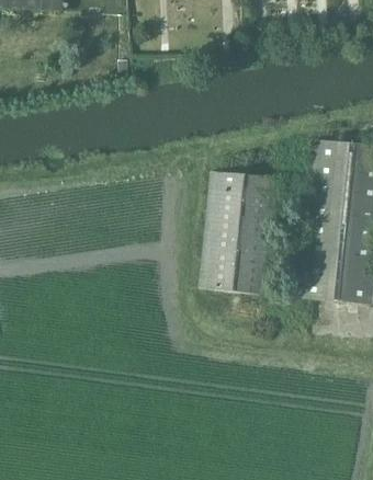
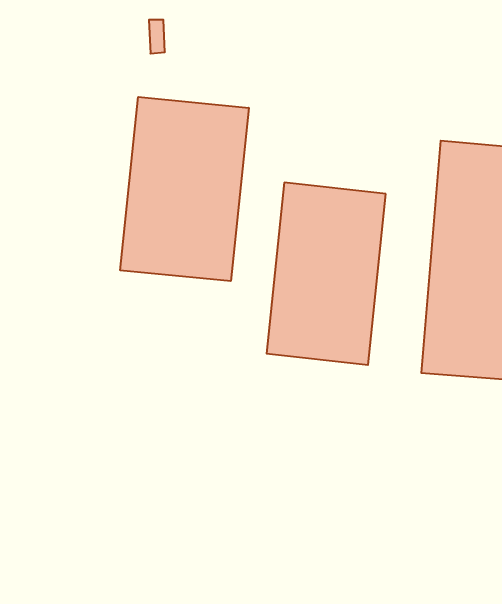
building: none -> [120,97,249,281]

